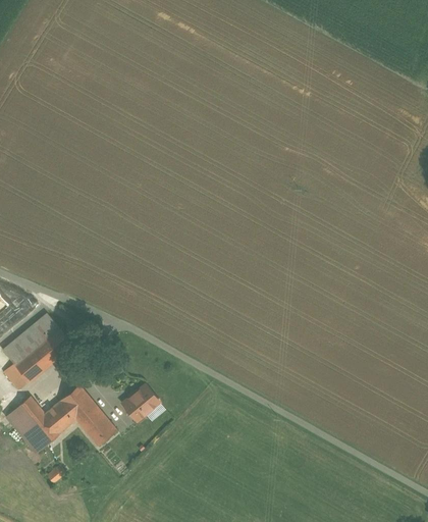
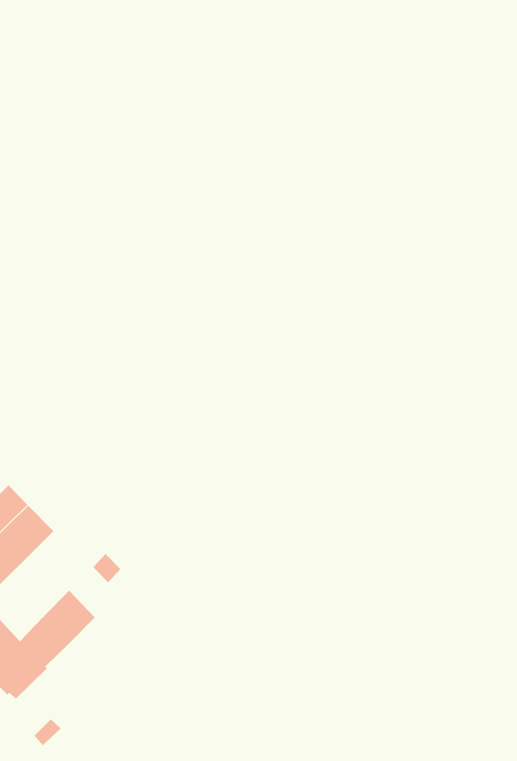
building: [119,384,160,423] -> none
building: [76,404,117,446] -> none

